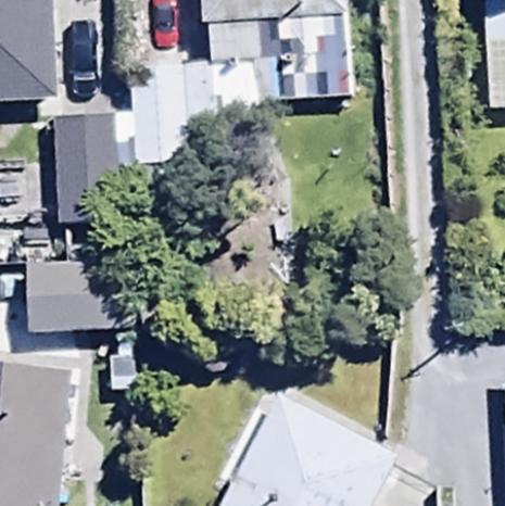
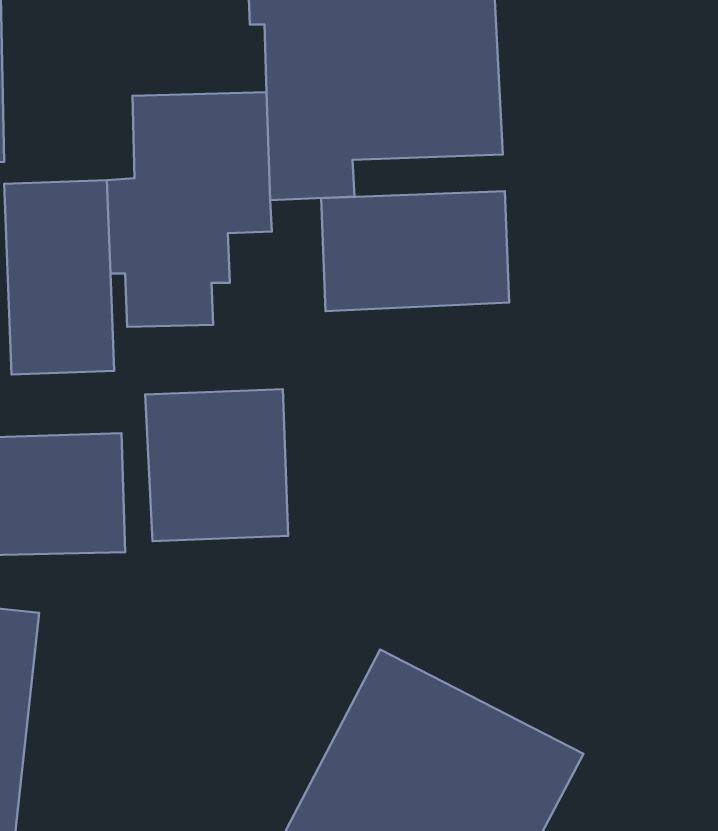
building: none -> [321,191,509,311]
building: none -> [145,389,288,541]

